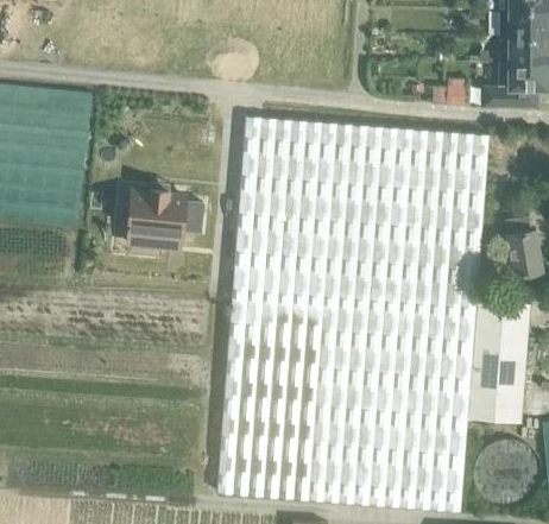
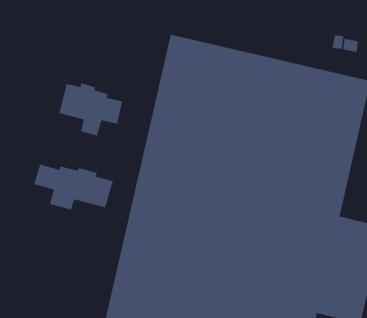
building: none -> [33,163,114,211]

